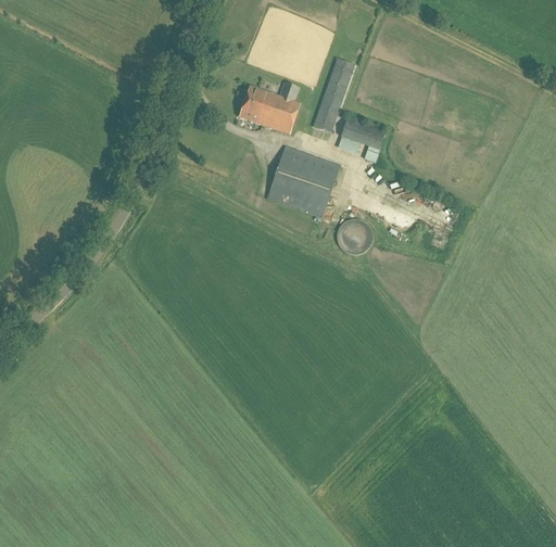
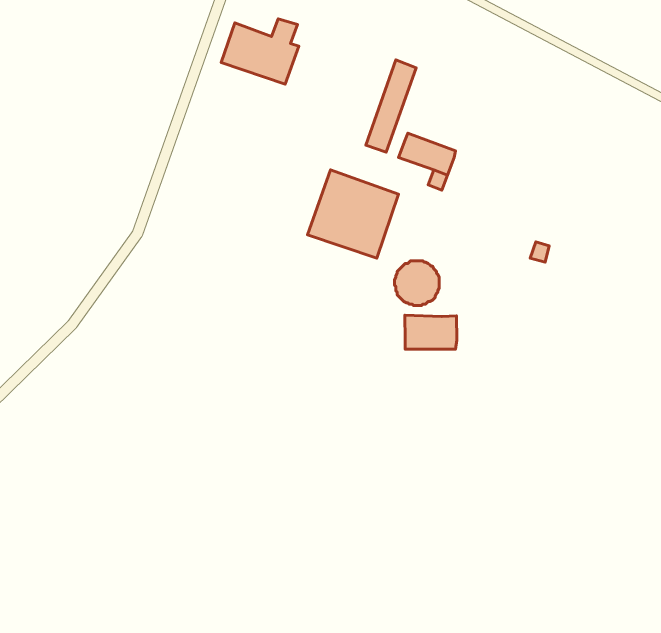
building: [239,81,301,133] -> [221,19,299,84]
building: none -> [405,315,457,349]

